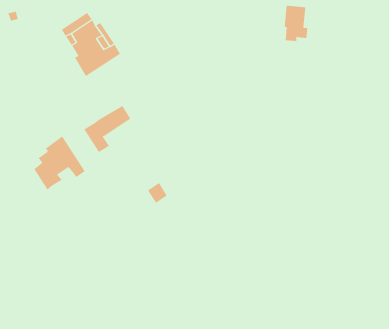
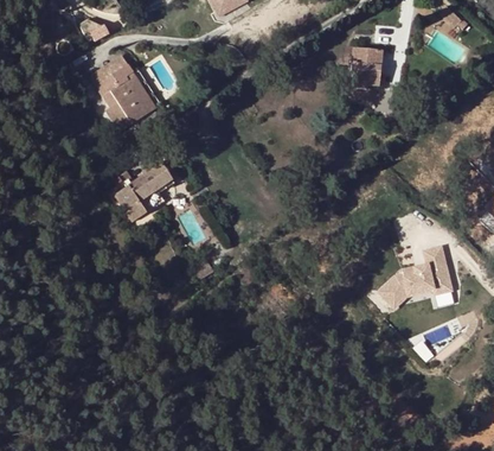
building: [34,136,85,190] -> none
building: none -> [380,247,451,306]

